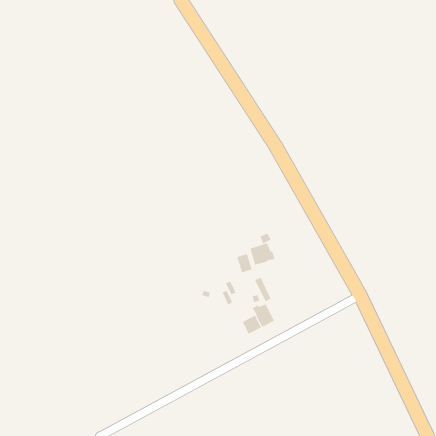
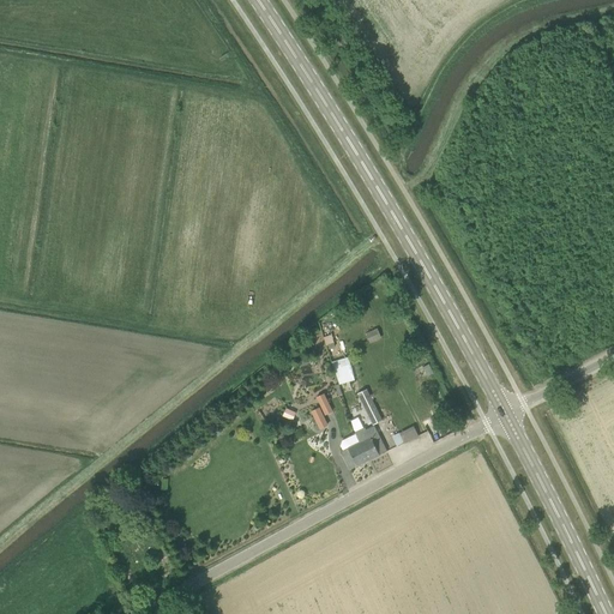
building: [250,243,275,265] -> none

